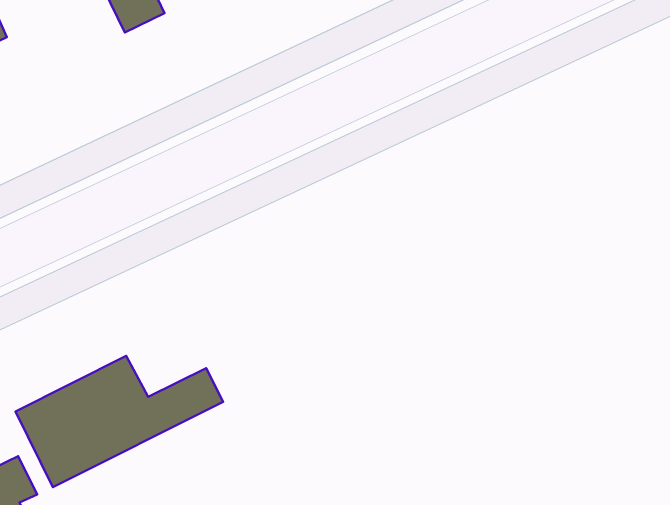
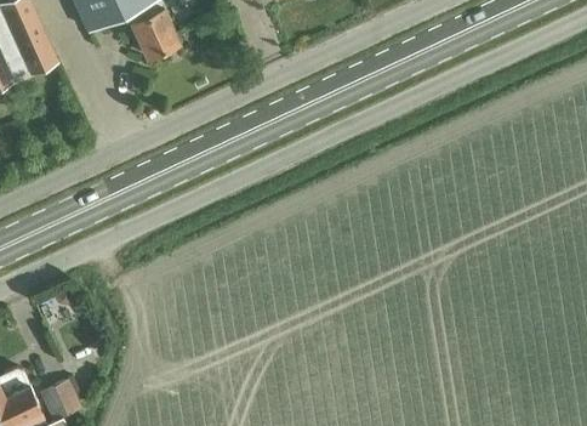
building: [15,356,223,487] -> none

